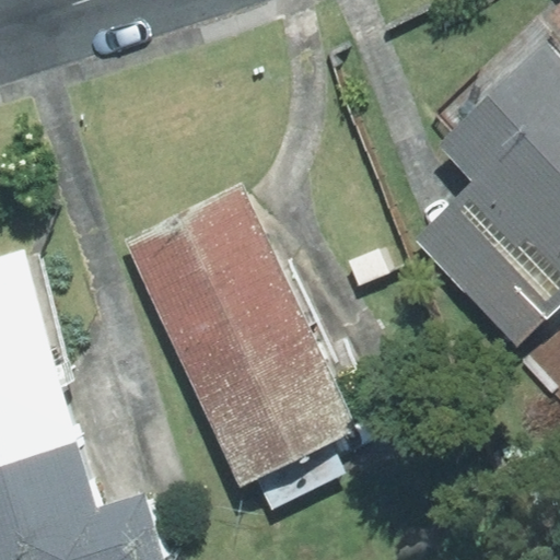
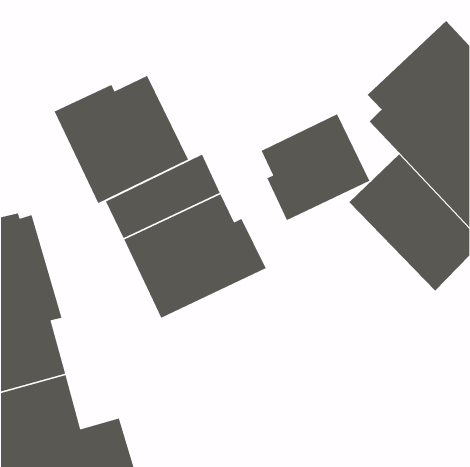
building: none -> [53,75,189,204]
building: none -> [260,113,370,221]
building: [191,323,358,487] -> none

